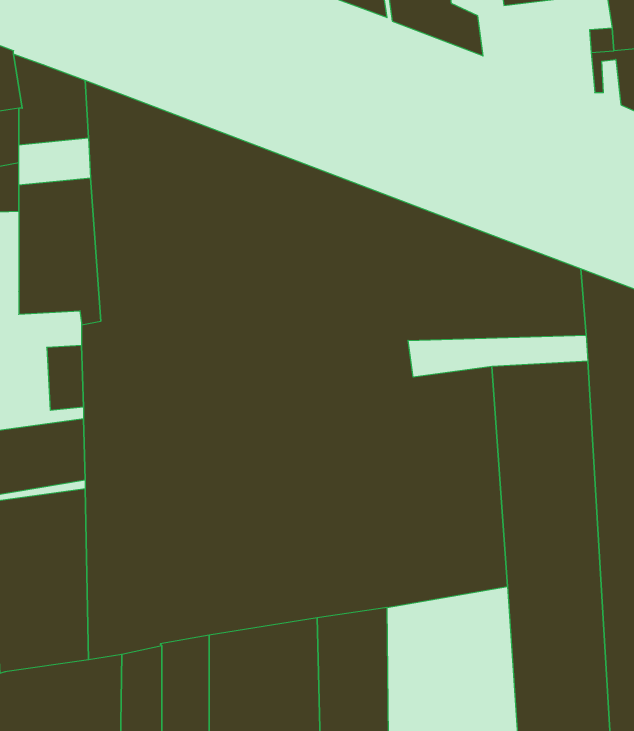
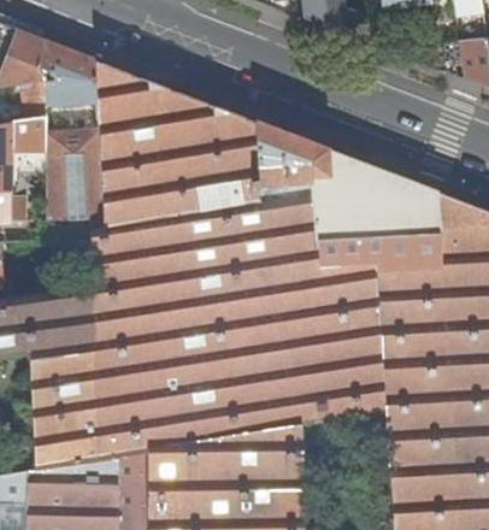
building: none -> [317,236,441,265]

